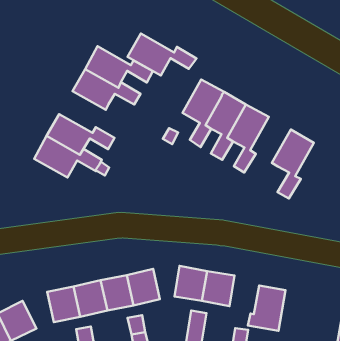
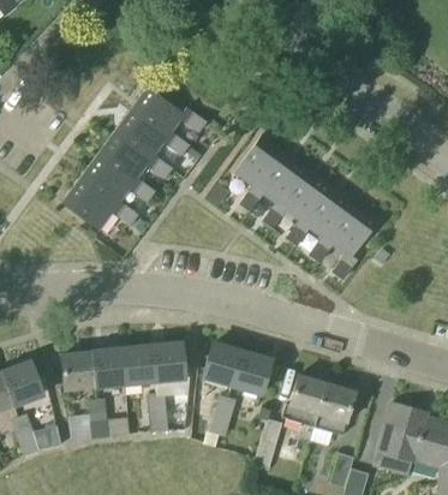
building: [127,34,196,75] -> [97,133,174,183]
building: none -> [306,187,354,264]
building: none -> [315,383,356,435]

